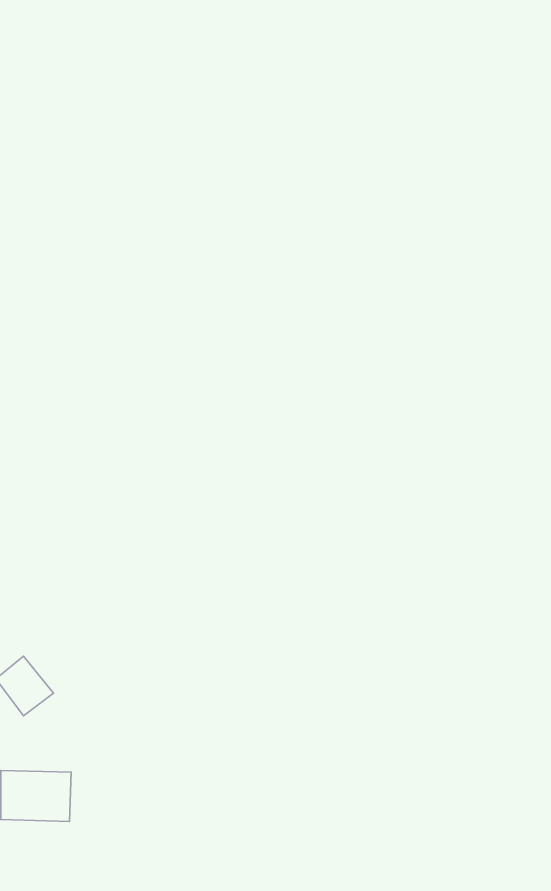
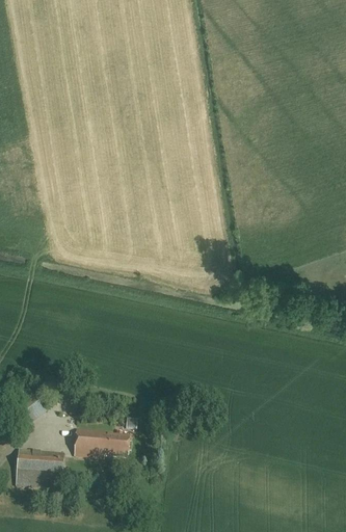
building: none -> [77,430,125,461]

